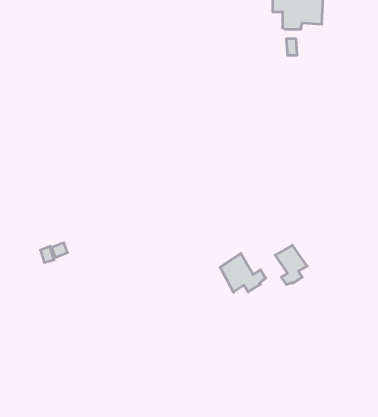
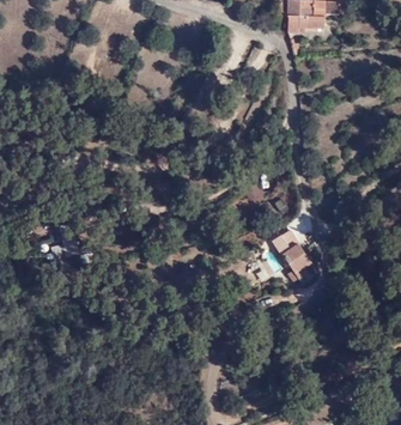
building: [220,253,266,292] -> none

